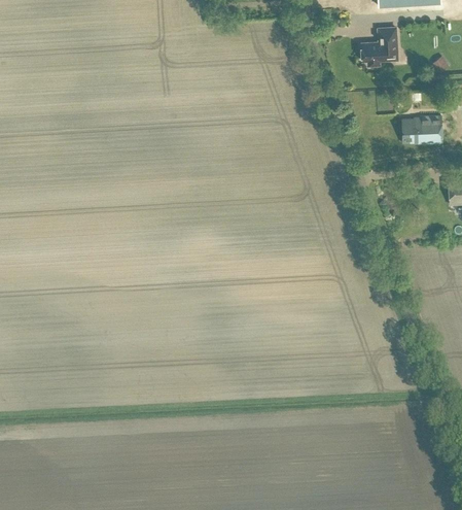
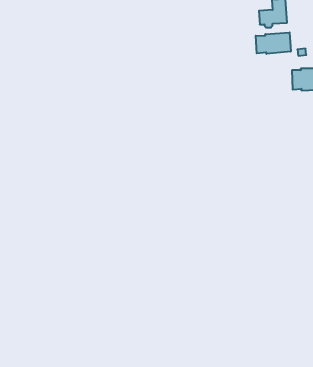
building: none -> [256,32,291,54]

